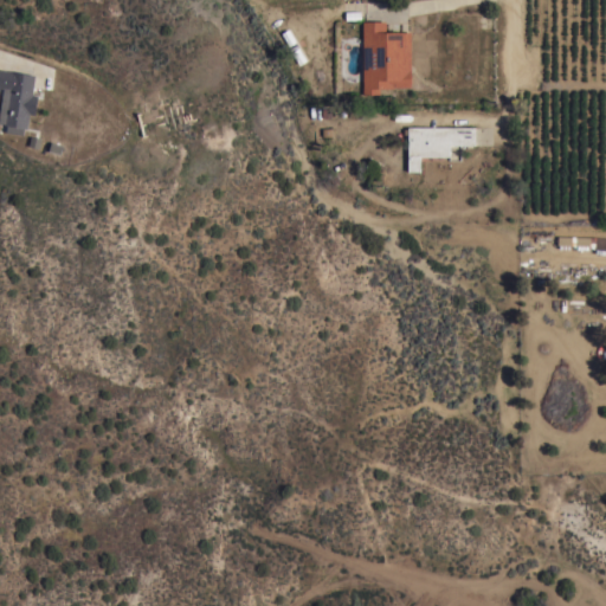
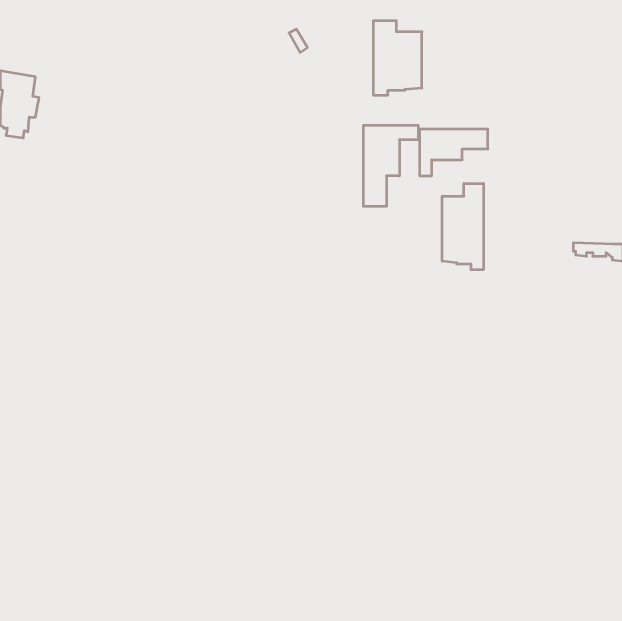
building: none -> [363,125,418,206]
building: none -> [442,183,483,270]

